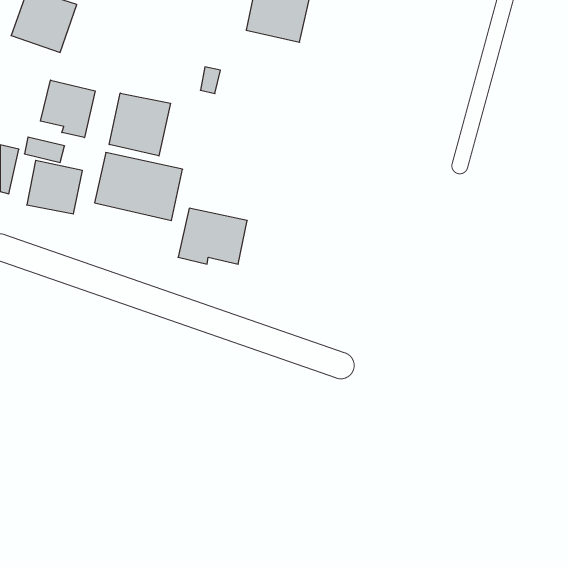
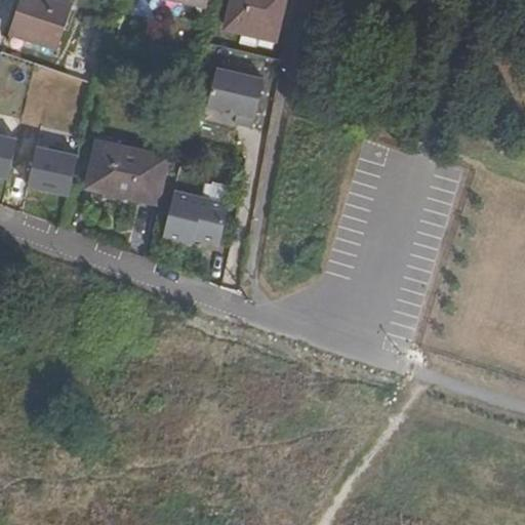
building: none -> [208,69,262,127]
building: [40,80,95,138] -> none
building: [109,93,170,156] -> none

